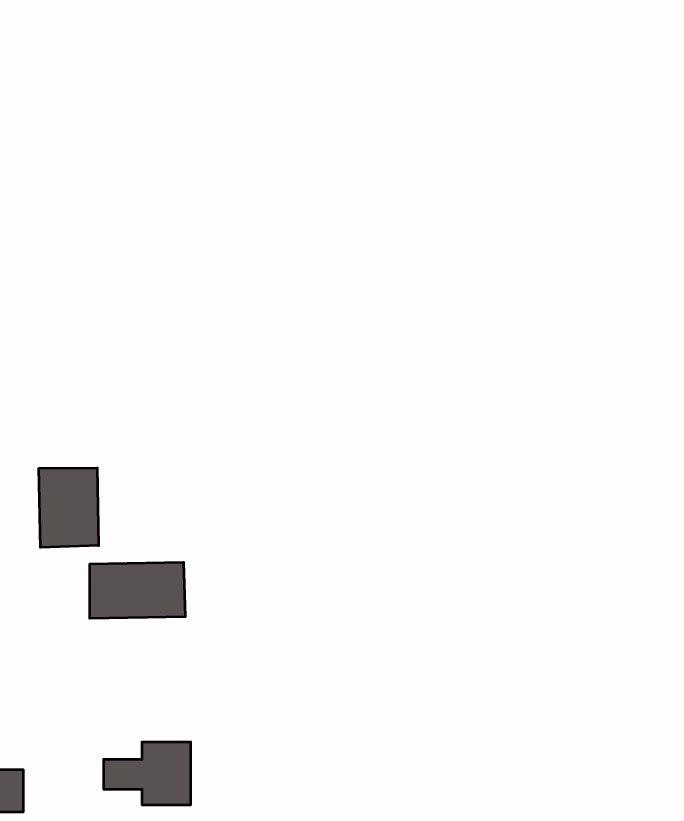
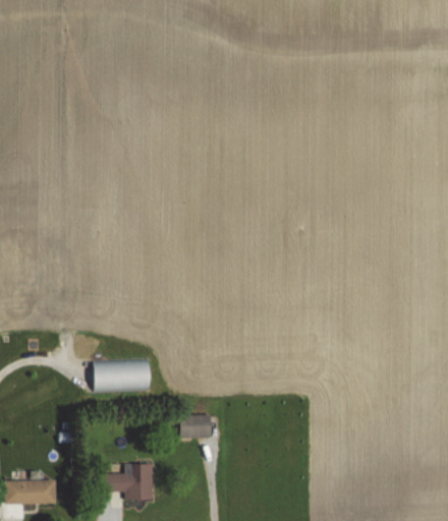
building: [39,468,99,547] -> none
building: none -> [180,416,211,438]

